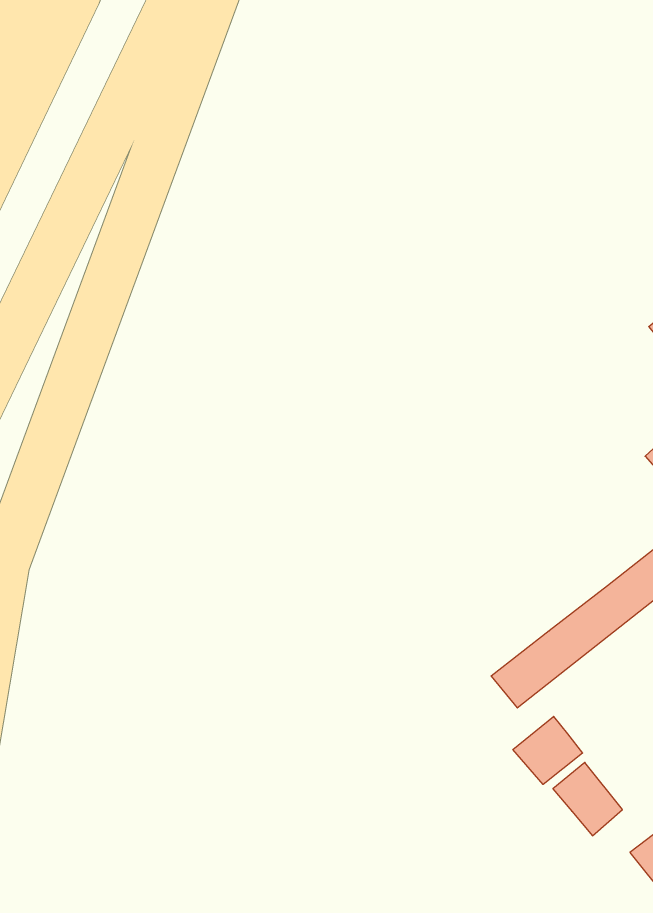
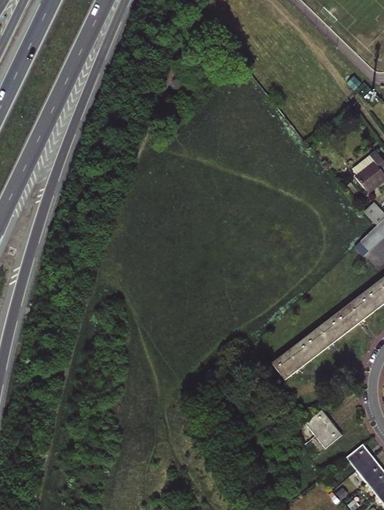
building: [513,716,583,784] -> none

